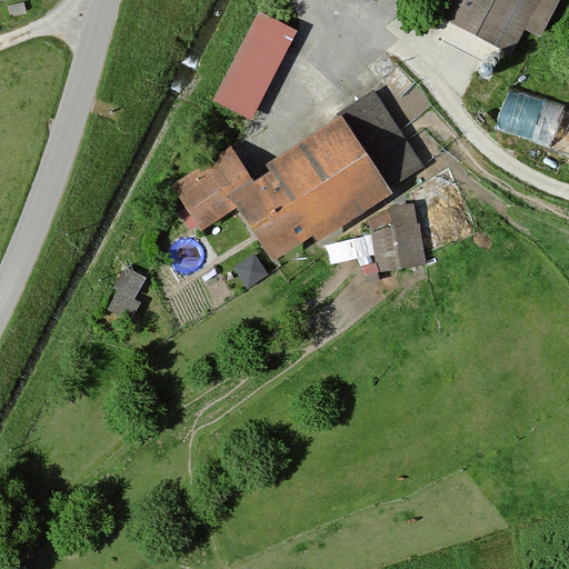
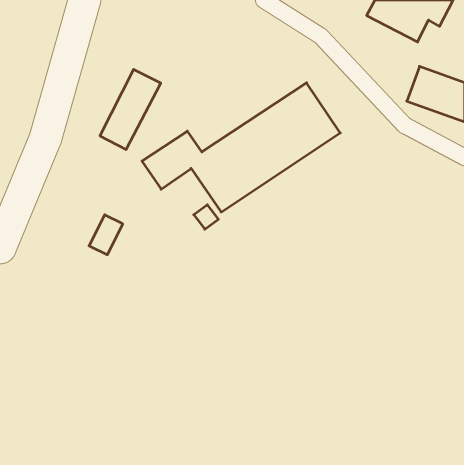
building: [218,18,292,116] -> [100,69,161,149]
building: [330,200,428,269] -> none

